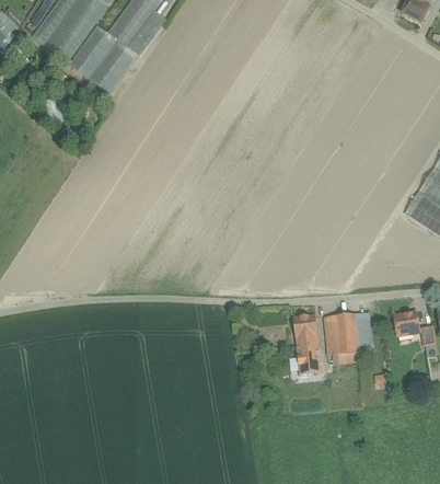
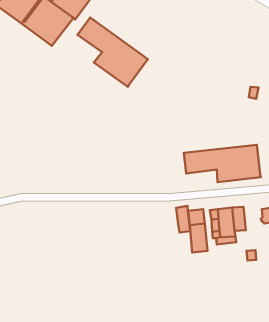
building: none -> [78,17,148,87]
building: none -> [184,145,261,182]
building: none -> [176,206,190,232]

